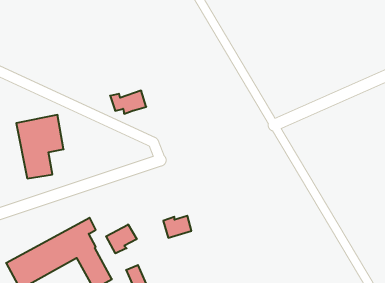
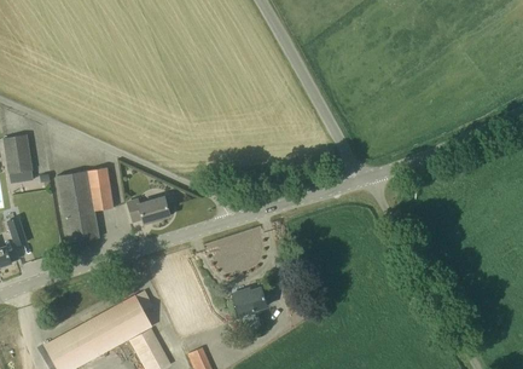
building: [110,91,146,114] -> [126,196,169,224]
building: [106,224,137,253] -> none

